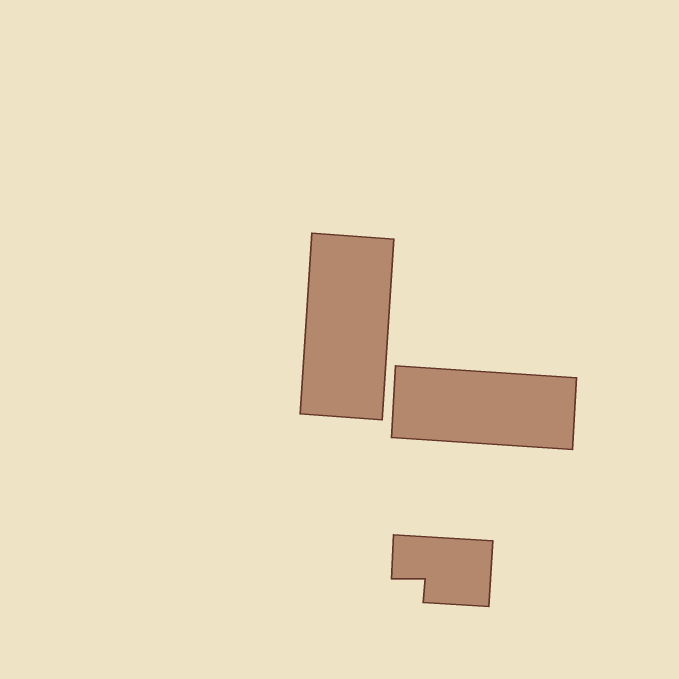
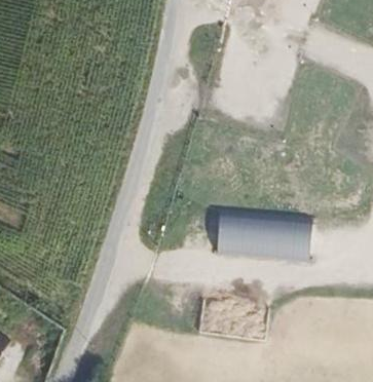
building: [300,233,394,420] -> none

